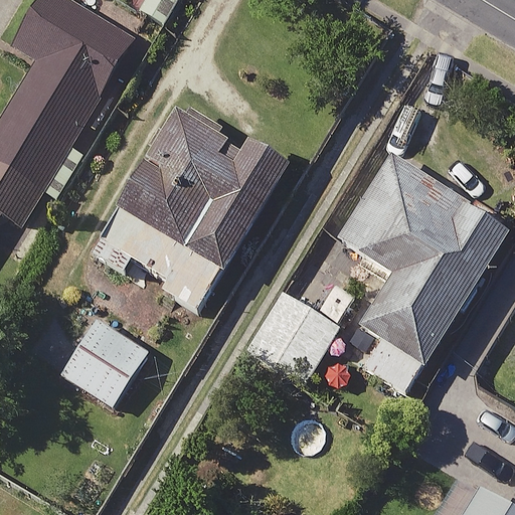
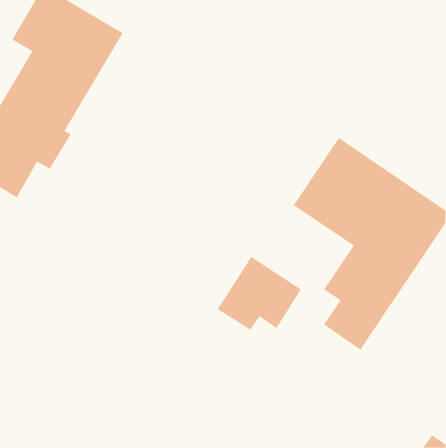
building: [96,114,254,313] -> none
building: [60,317,148,405] -> none

